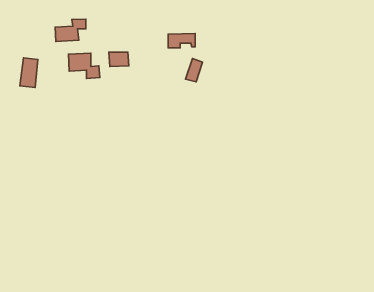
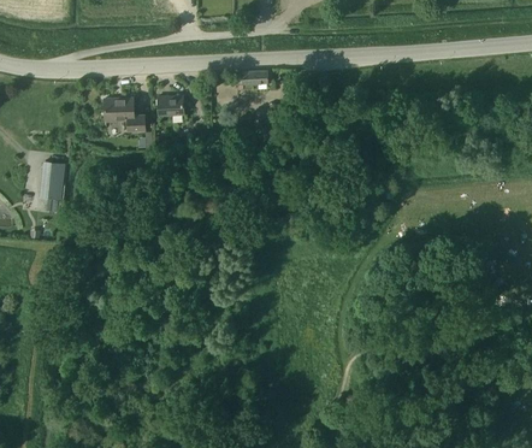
building: [55,19,86,42] -> none
building: [20,58,38,88] -> [40,160,64,200]

